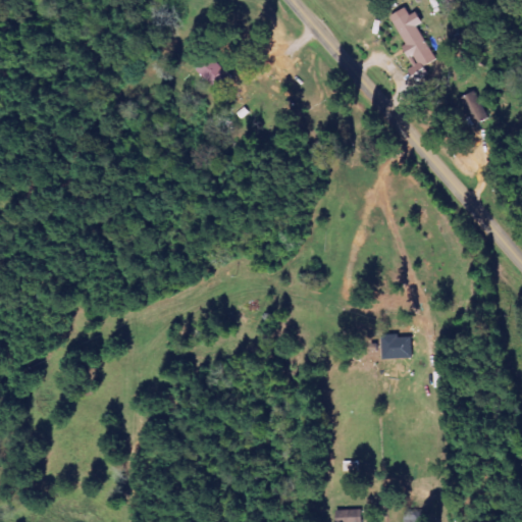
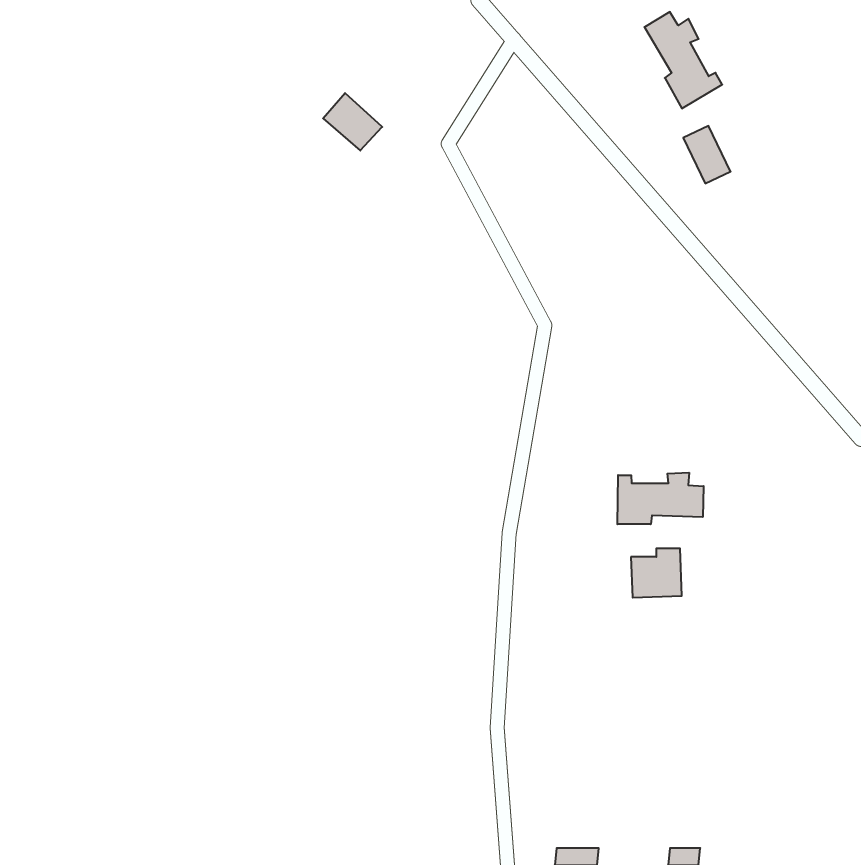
building: [459,91,487,125] -> [683,126,731,183]
building: none -> [617,473,704,524]

